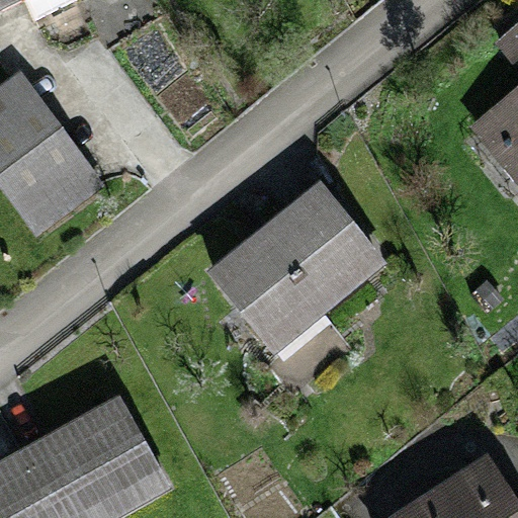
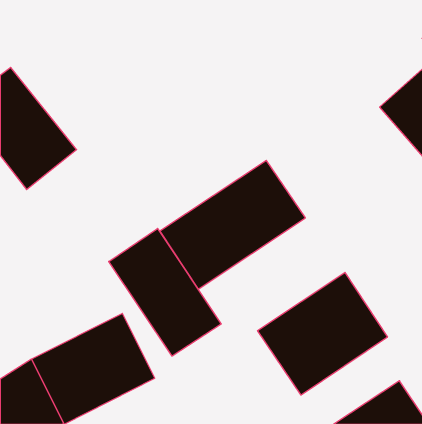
building: none -> [109,228,221,356]
building: none -> [258,272,387,395]

